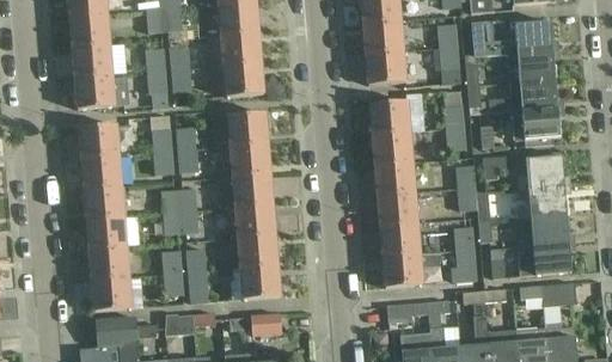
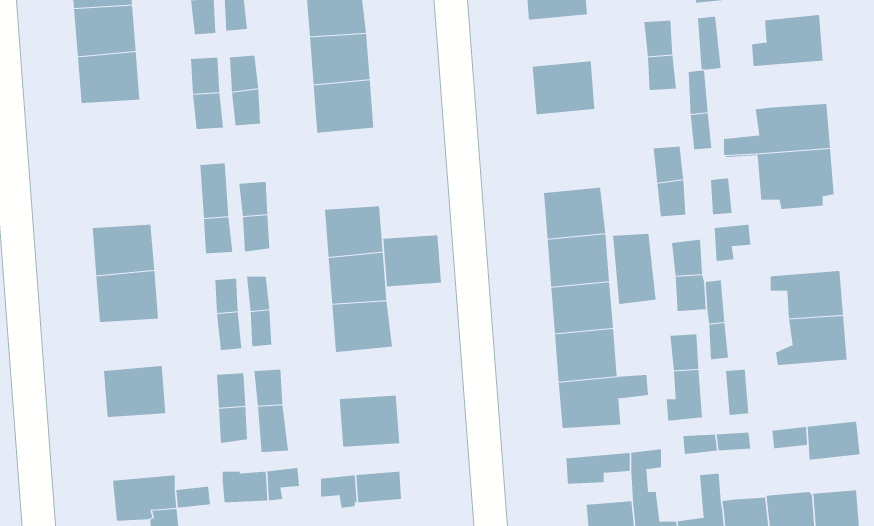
building: [362,20,403,54] -> none
building: [507,50,555,80] -> none
building: [74,75,115,109] -> none
building: [369,100,409,135] -> none
building: [228,112,267,146] -> [382,235,442,287]
building: [79,124,120,158] -> none
building: [516,155,563,189] -> none
building: none -> [612,233,656,305]
building: [86,216,127,250] -> none
building: [238,234,277,268] -> none
building: [518,243,570,276] -> none
building: [91,277,131,311] -> none

